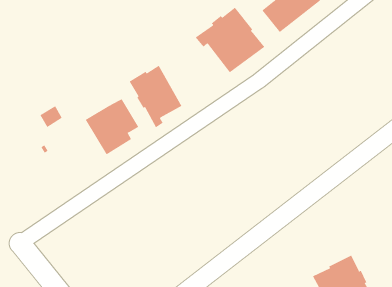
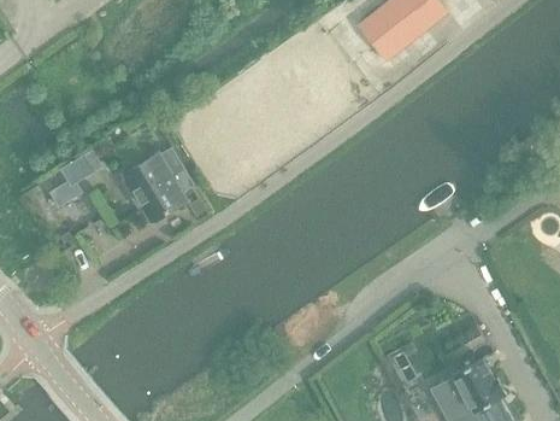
building: [195,7,265,73] -> none
building: [129,65,182,128] -> none

